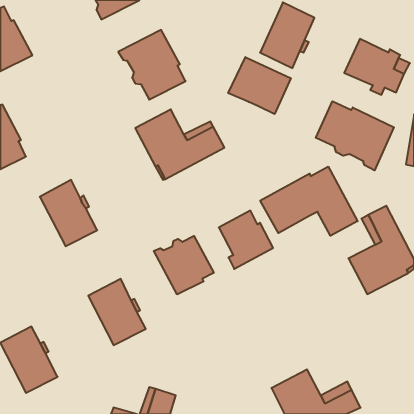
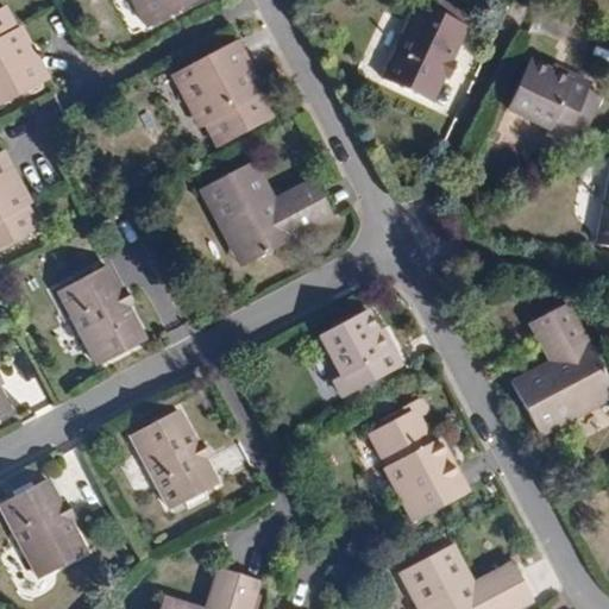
building: [228,57,291,114] -> none
building: [316,101,394,170] -> none
building: [260,167,358,236] -> none
building: [154,236,214,294] -> none
building: none -> [369,398,467,522]

